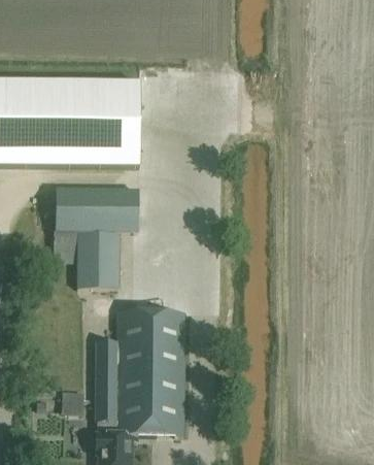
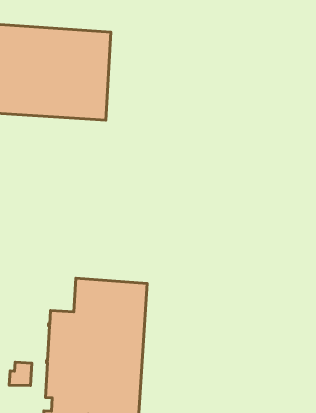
building: [56,189,139,288] -> none

